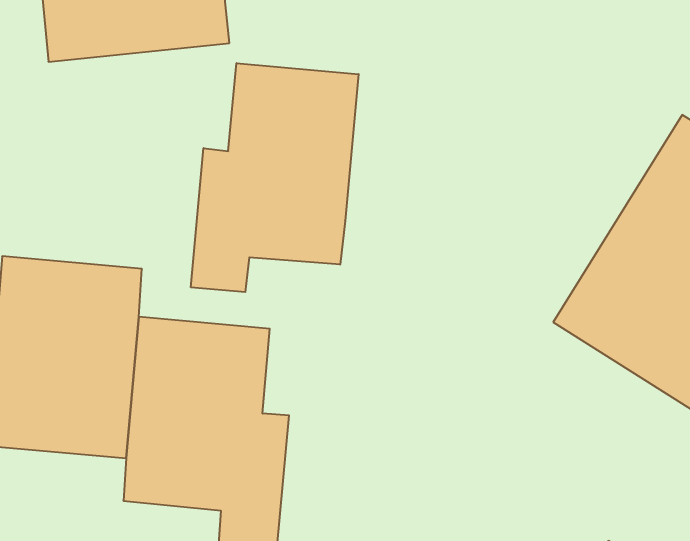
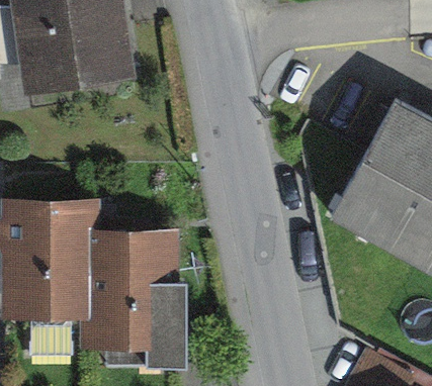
building: [191,63,359,292] -> none

